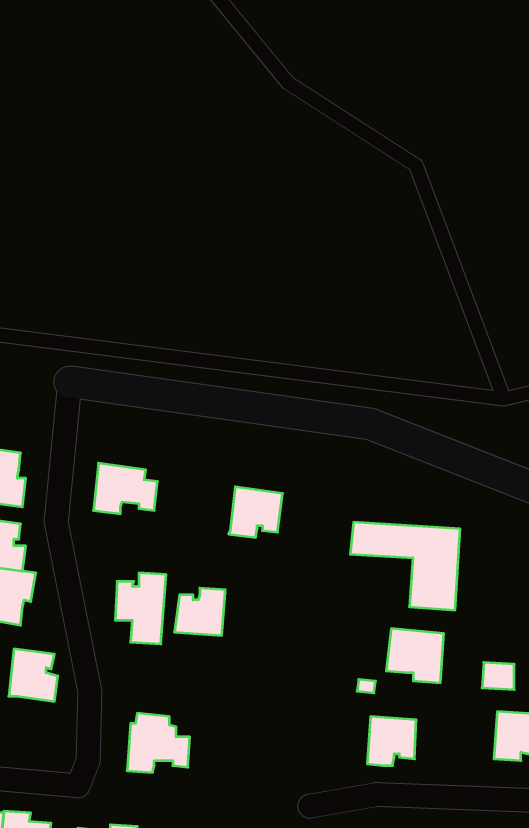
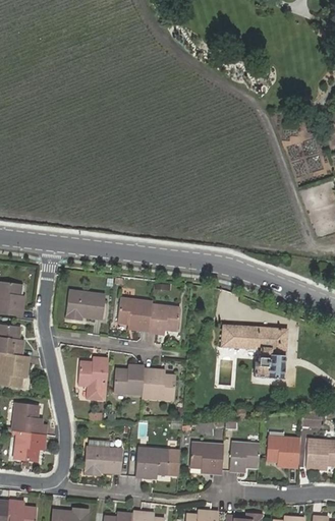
building: none -> [117,298,152,331]
building: none -> [143,368,176,400]
building: [386,629,444,683] -> [266,437,300,469]
building: none -> [15,430,48,462]
building: none -> [190,443,225,474]
building: none -> [137,447,181,476]

